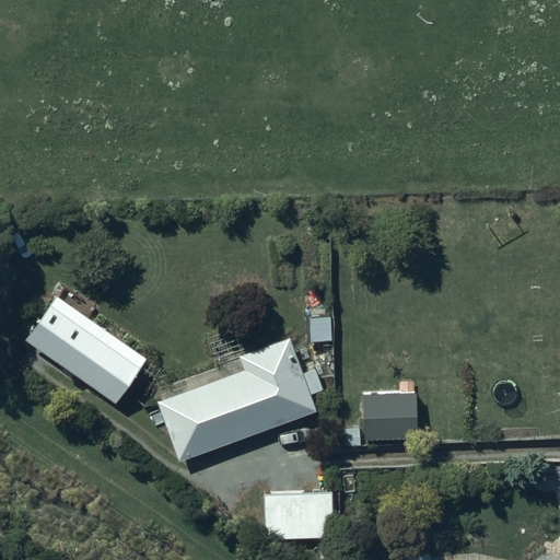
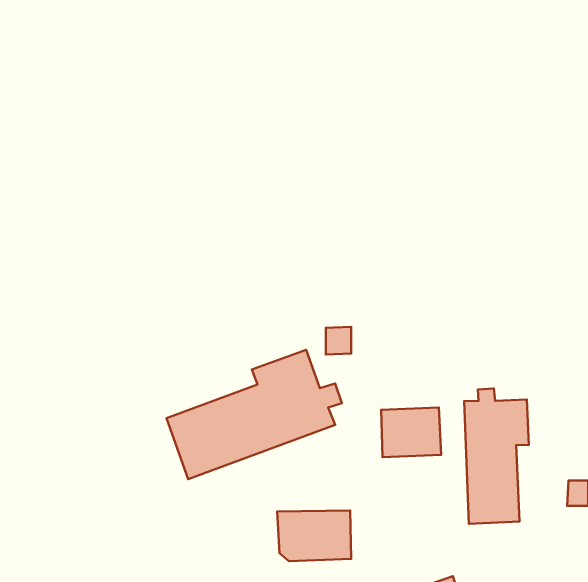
building: [24,295,147,404] -> none
building: none -> [464,389,529,524]

